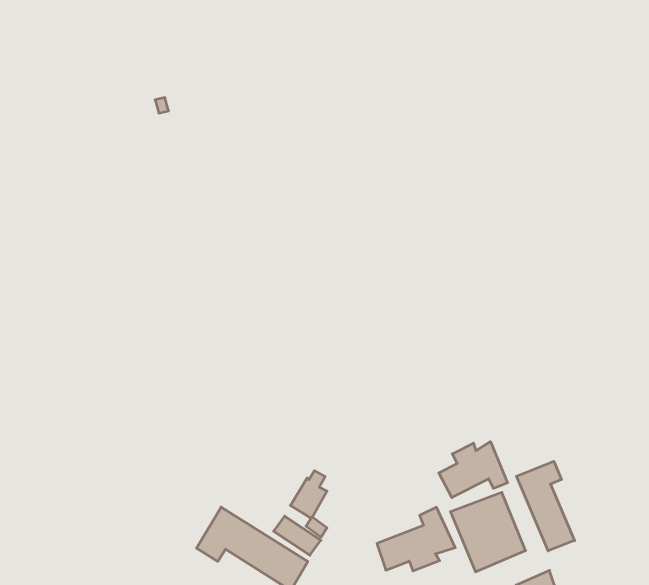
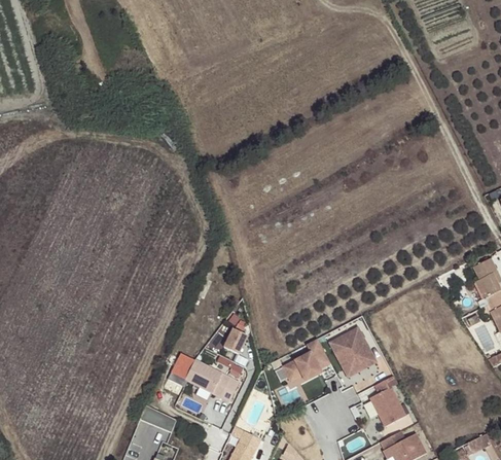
building: [439,442,508,498] -> none
building: [516,461,575,551] -> none

